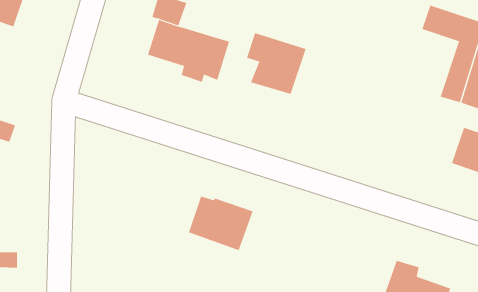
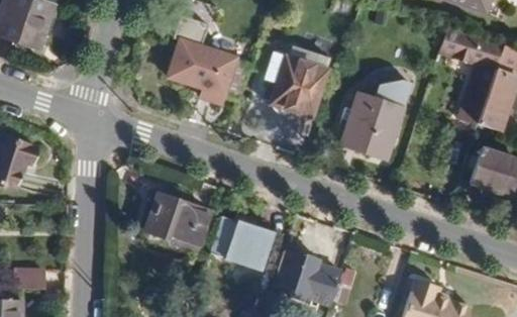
building: none -> [340,80,413,159]
building: none -> [145,193,208,247]
building: none -> [274,248,341,305]

